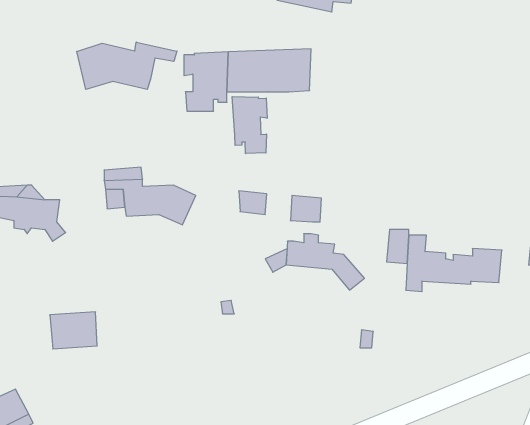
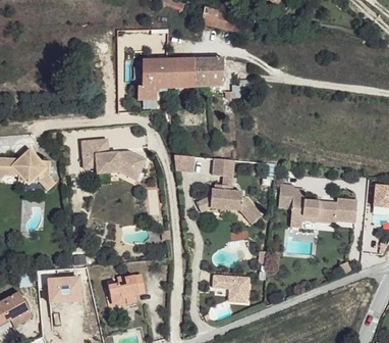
building: [77,42,177,89] -> none
building: [232,97,267,154] -> none
building: [50,312,97,349] -> [48,276,80,301]
building: none -> [109,274,146,303]
building: none -> [213,275,249,302]

